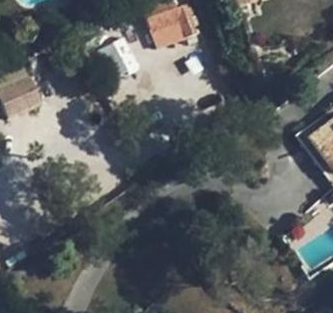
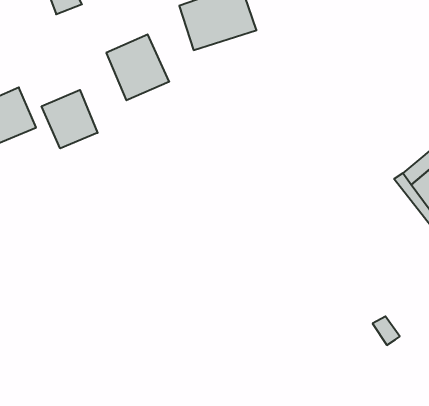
building: none -> [42,90,98,148]

